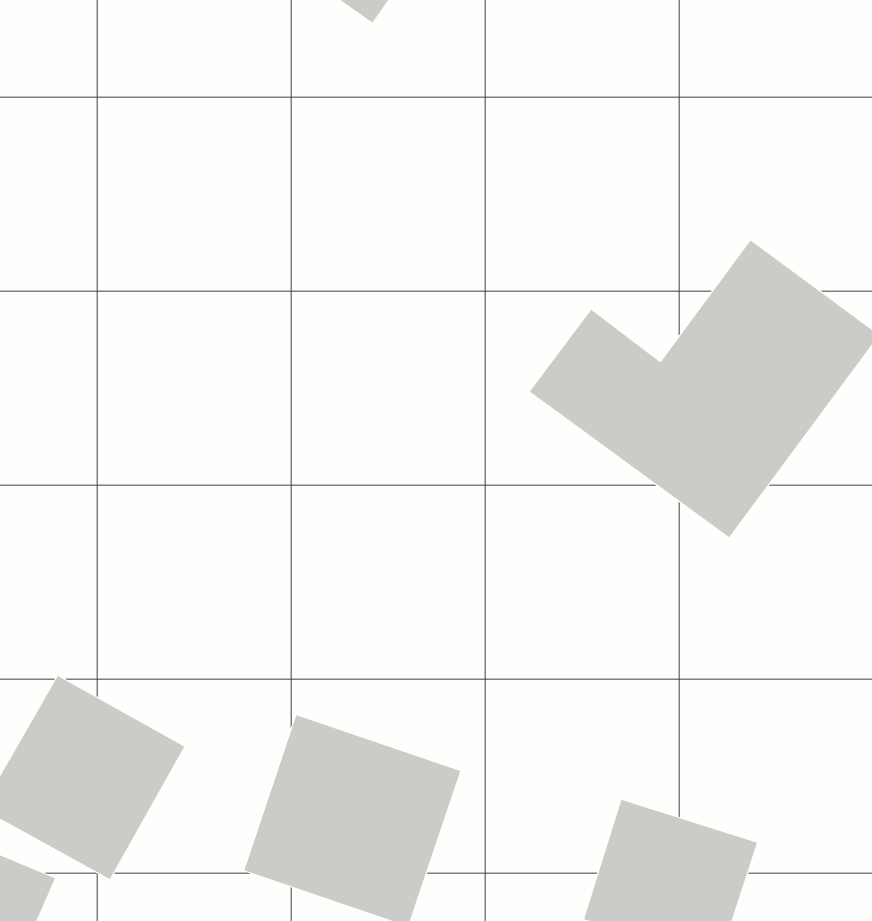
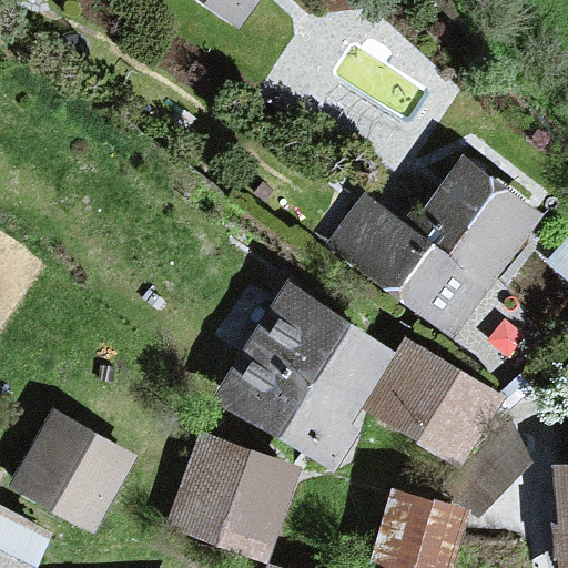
building: none -> [221,284,398,463]
building: none -> [366,343,504,469]

